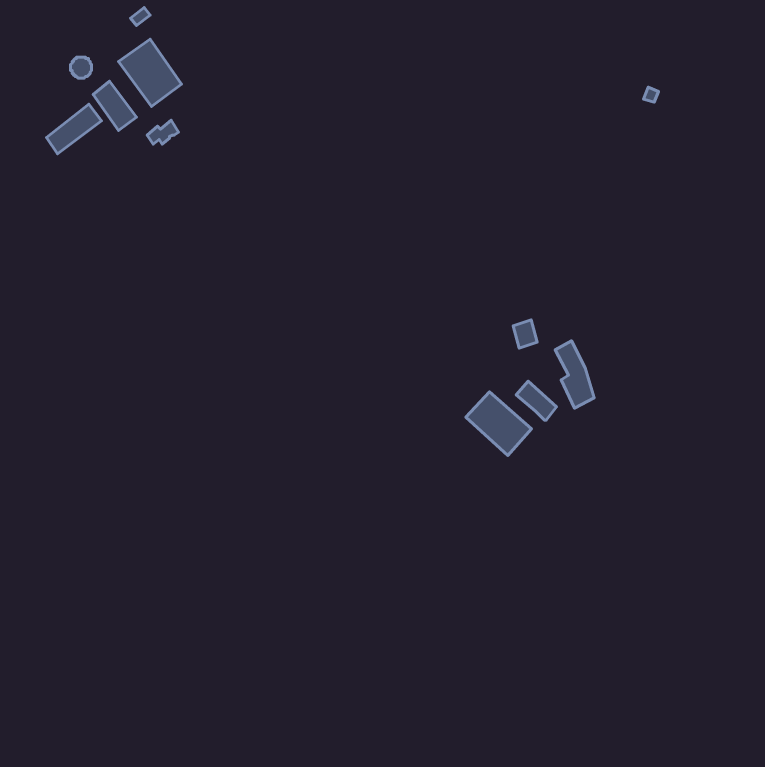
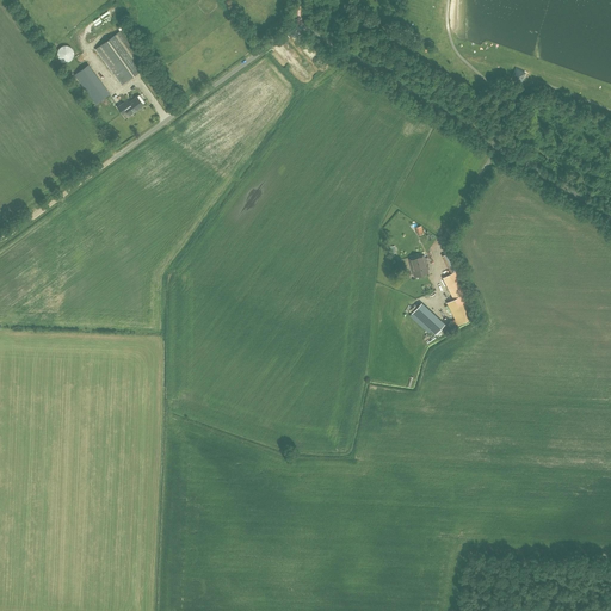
building: [46,104,101,154] -> none
building: [466,392,532,455] -> none

